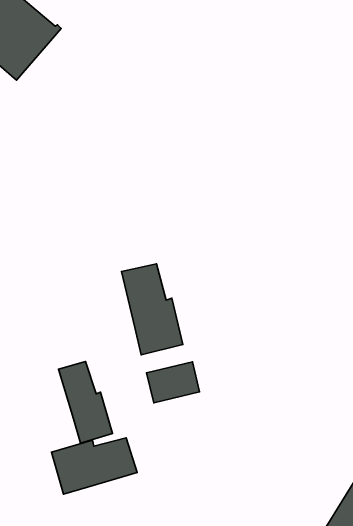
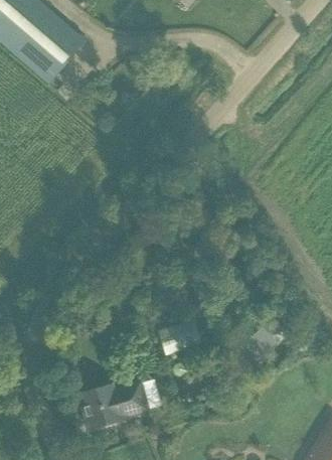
building: [121,264,183,355] -> none
building: [59,362,113,443] -> none

